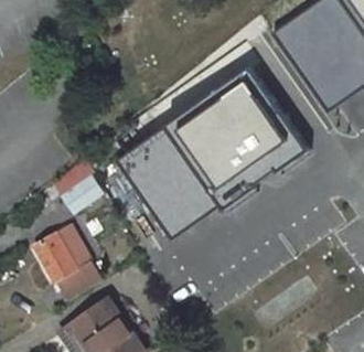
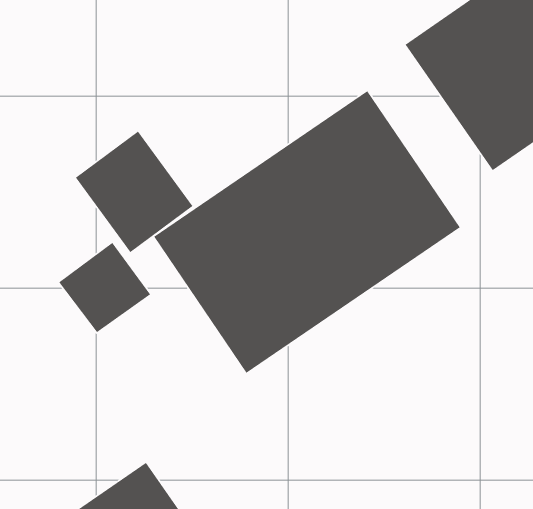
building: none -> [75,130,193,253]
building: [31,227,99,303] -> none

